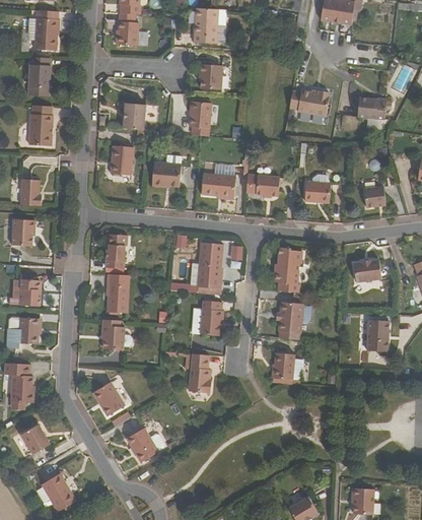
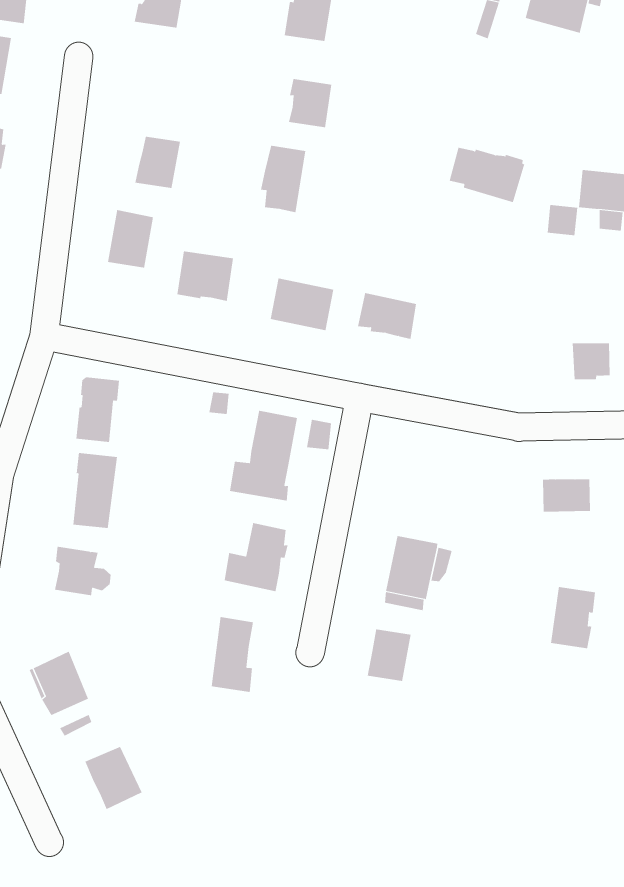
building: [303,178,332,201] -> none
building: [273,246,303,291] -> none

